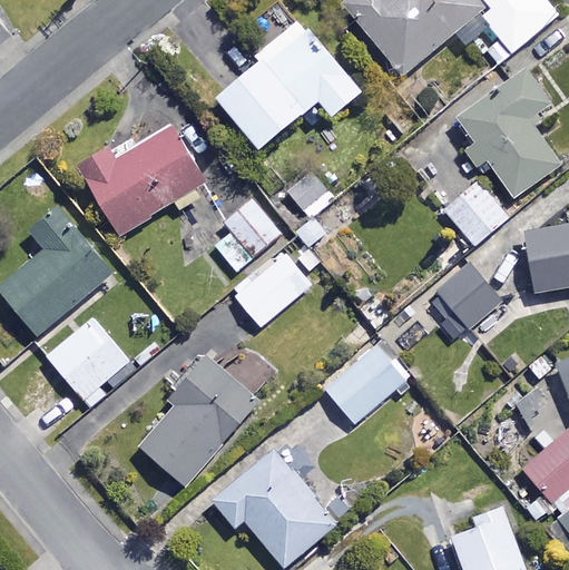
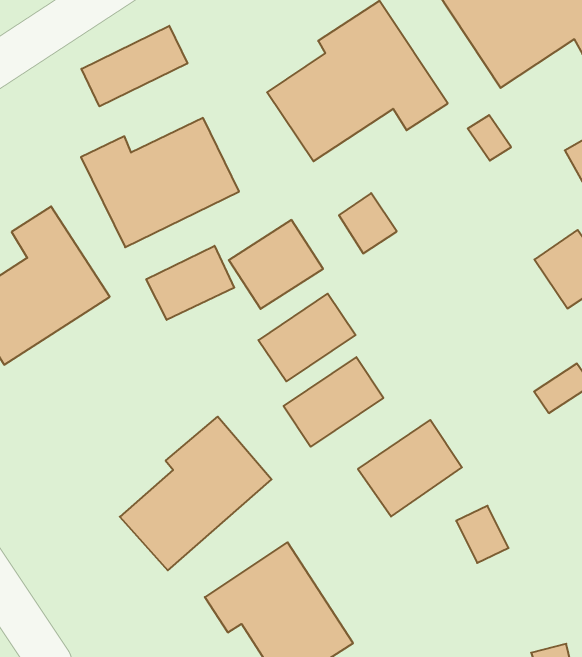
building: none -> [81,26,187,106]
building: none -> [146,246,234,320]
building: none -> [284,357,383,447]
building: [46,317,129,401] -> none

